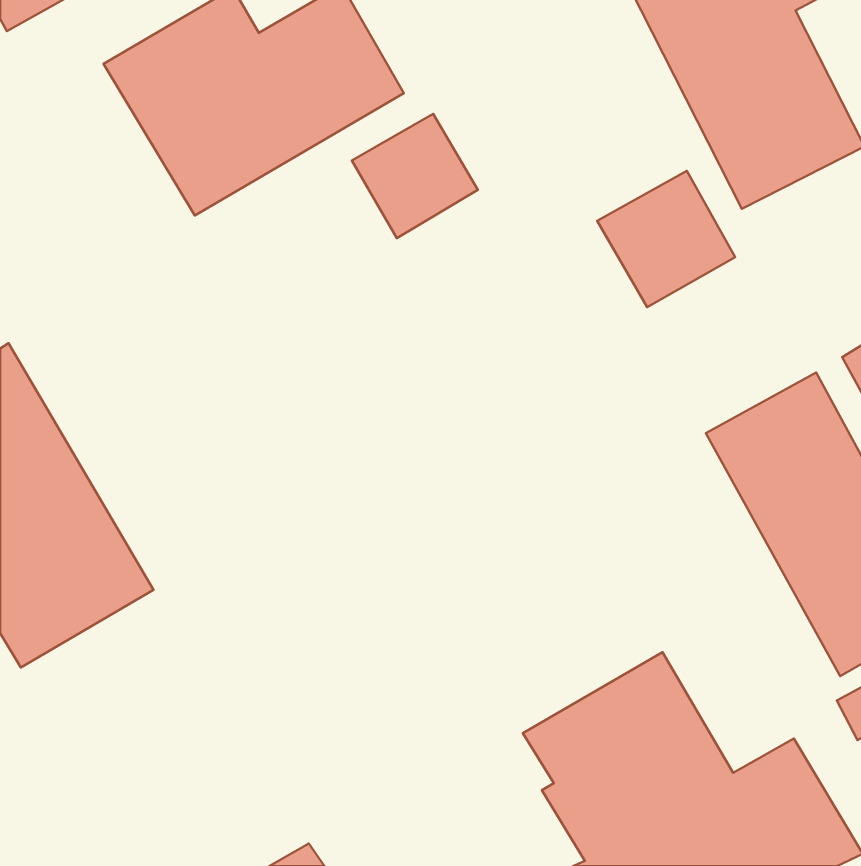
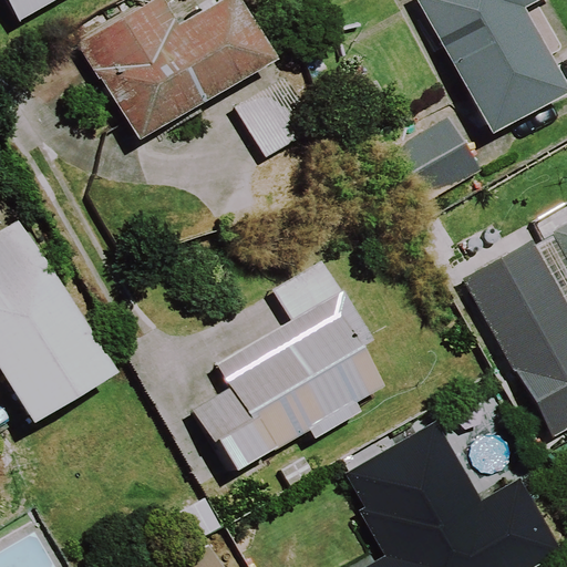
building: none -> [193,288,383,473]

